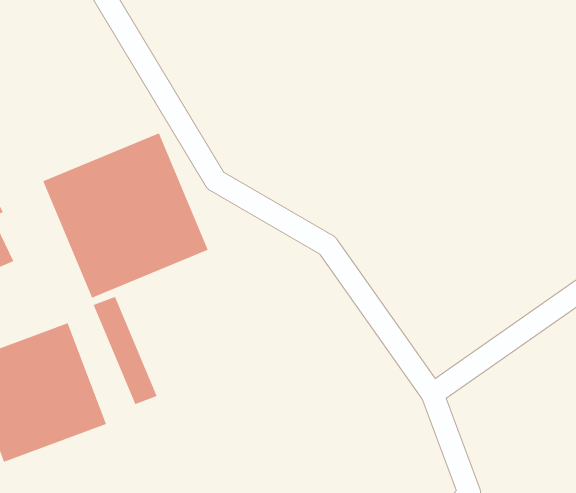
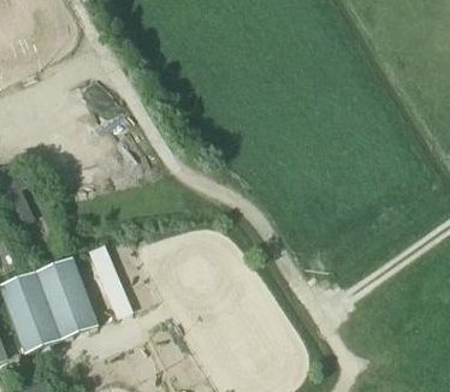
building: [43,133,209,298] -> none

